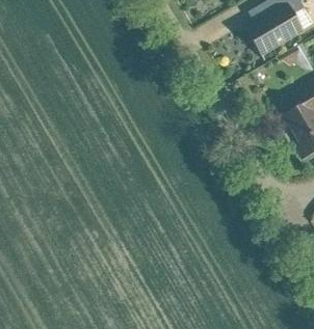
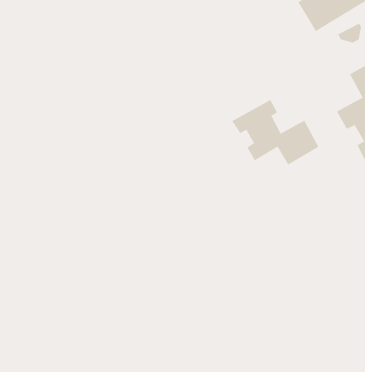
building: none -> [231,99,319,165]

